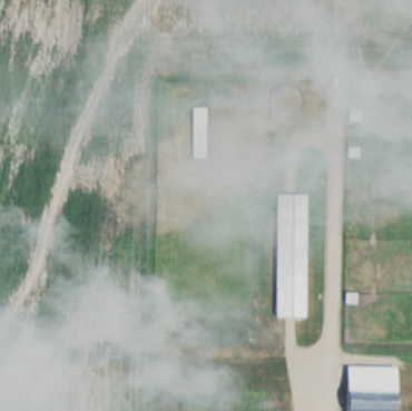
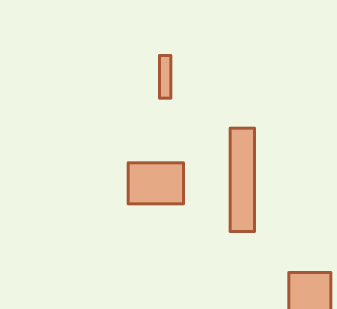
building: none -> [128,163,183,204]

